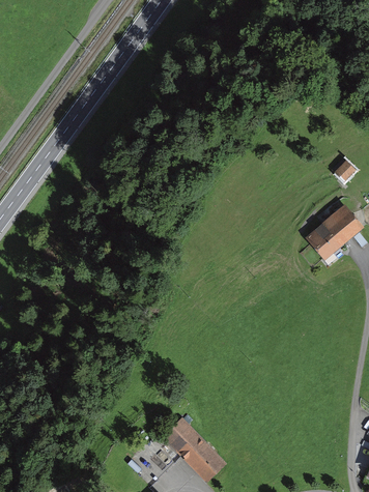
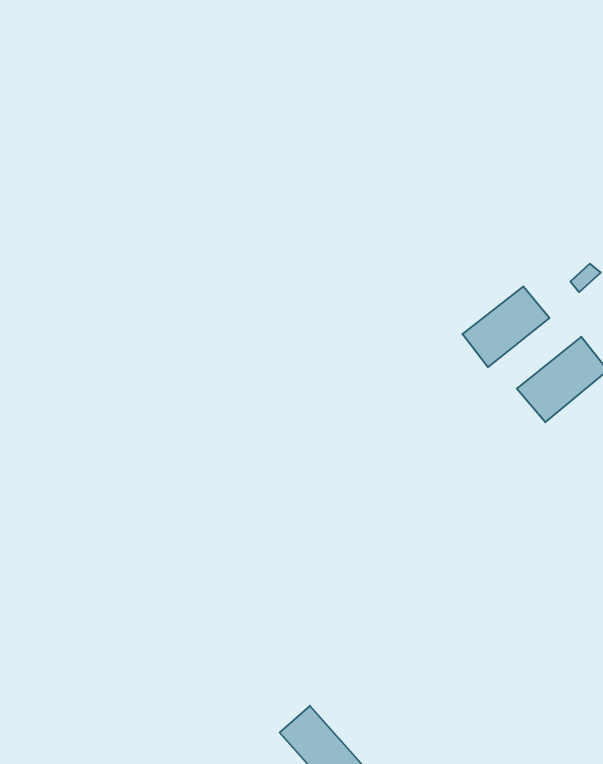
building: none -> [462,286,549,367]

